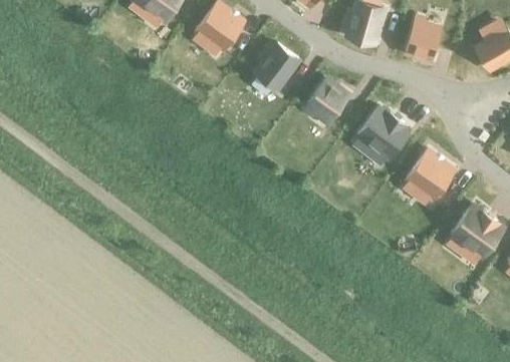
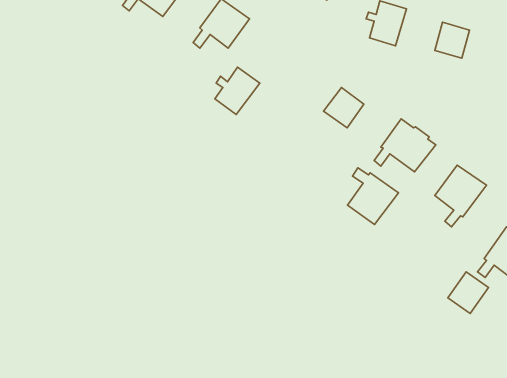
building: [257,46,297,88] -> [215,67,260,115]
building: none -> [348,168,398,224]
building: none -> [448,272,489,313]

